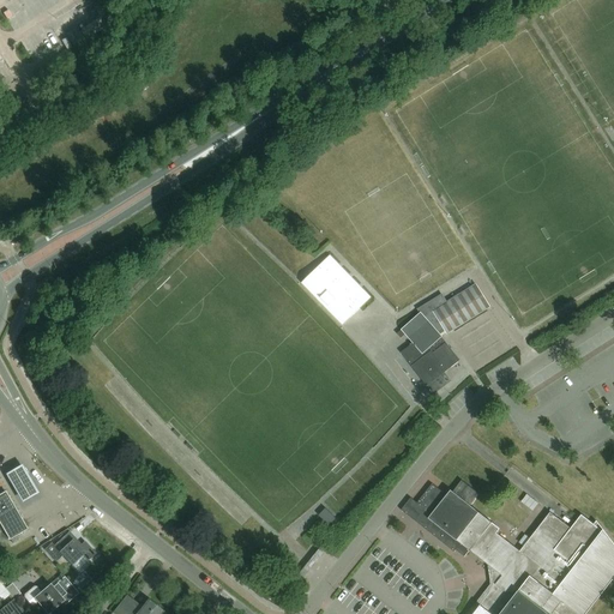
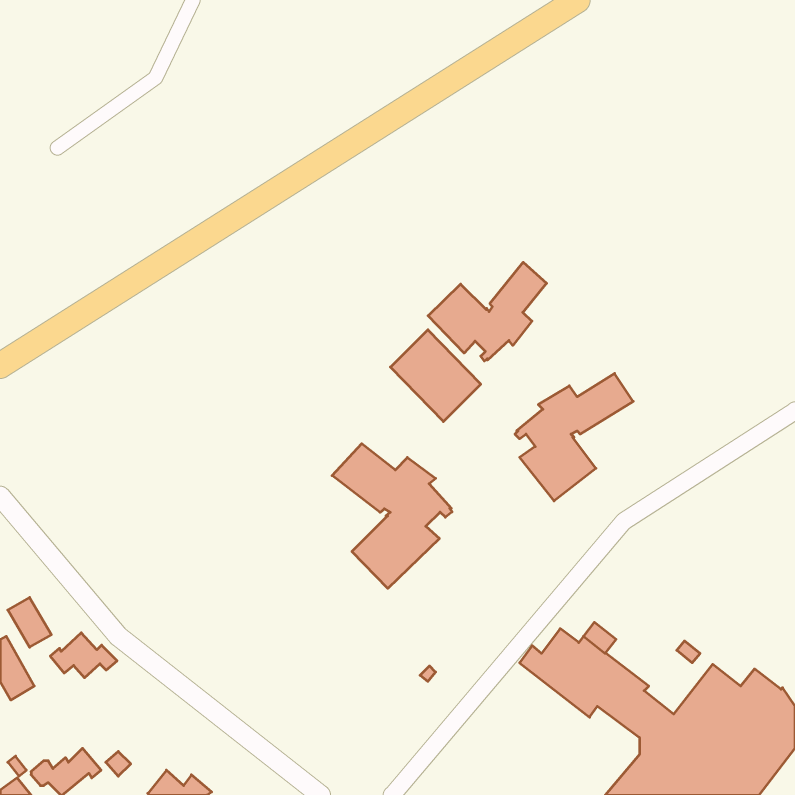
building: none -> [428,262,547,361]
building: none -> [332,444,452,588]
building: [44,531,96,566] -> [50,633,117,678]

